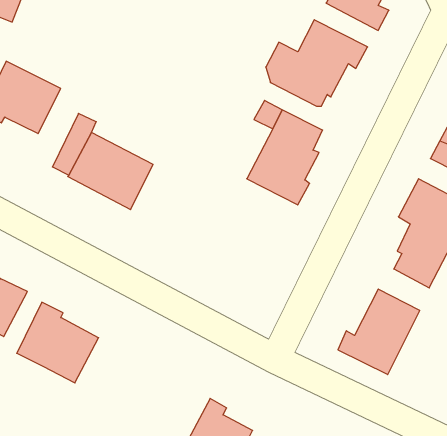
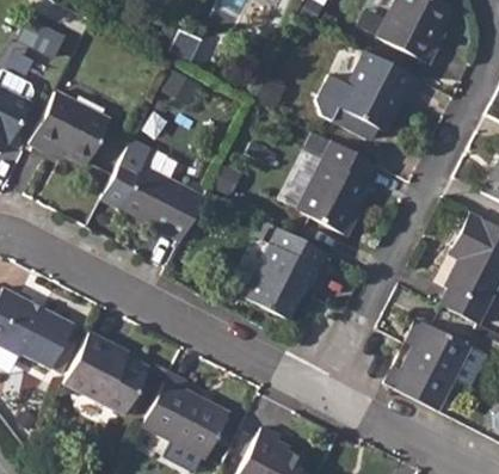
building: none -> [242,227,328,318]
building: none -> [143,375,227,458]

